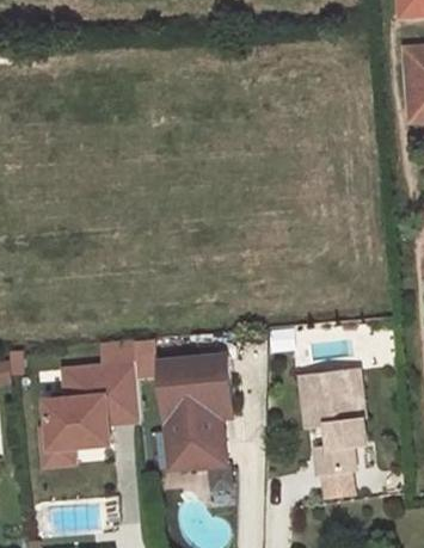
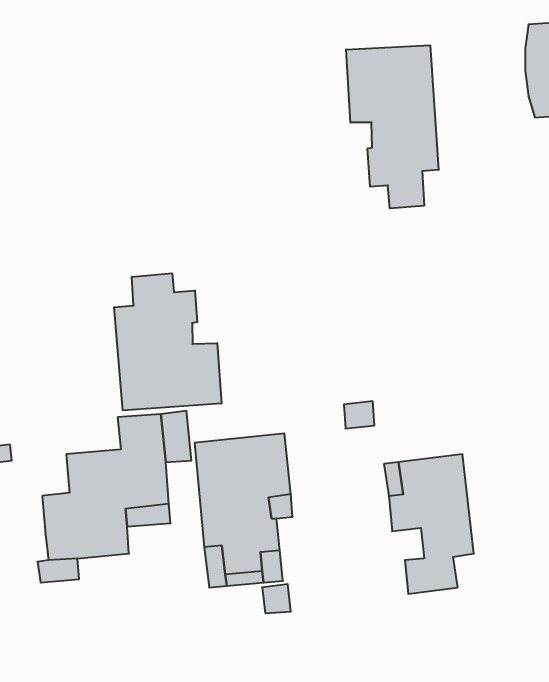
building: none -> [346,45,439,208]
building: none -> [114,273,221,410]

